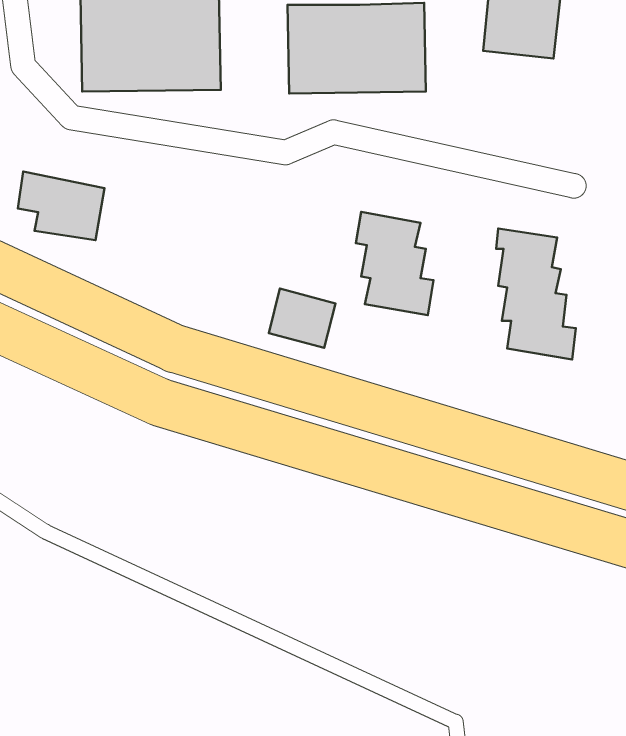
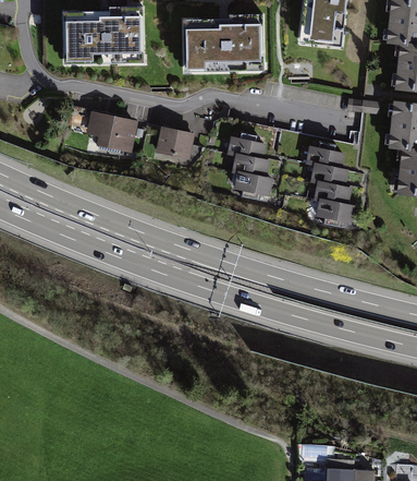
building: [18,172,105,240] -> [86,111,137,152]
building: [269,289,335,348] -> [155,125,194,160]

